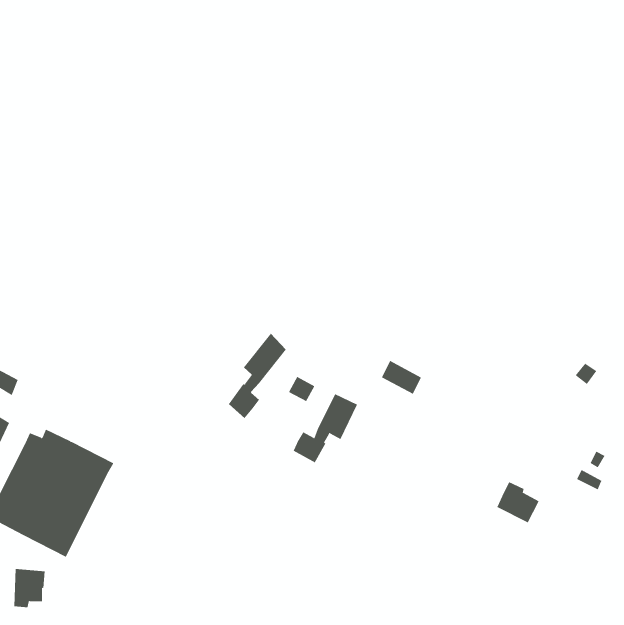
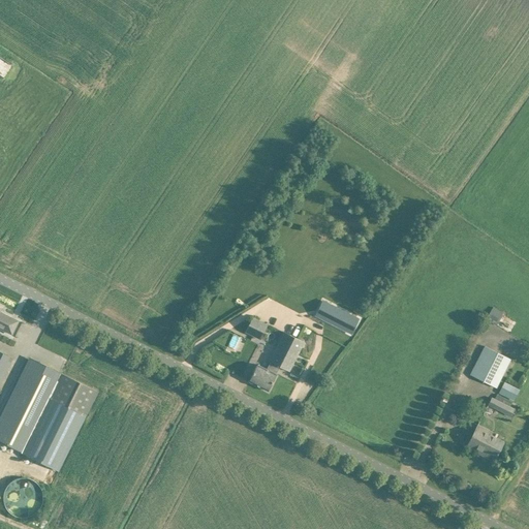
building: [228,333,286,419] -> none
building: none -> [468,345,508,386]
building: [496,481,539,523] -> [465,425,501,460]

